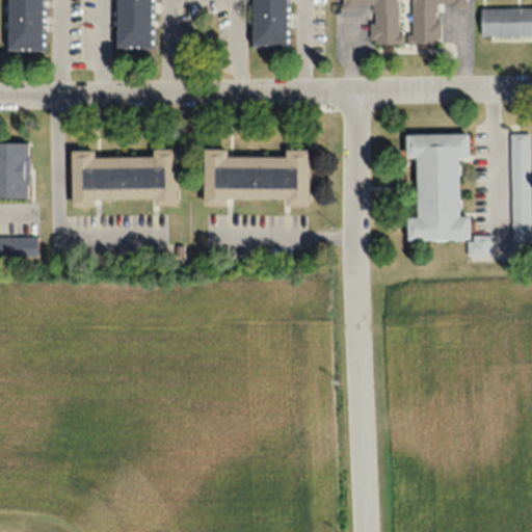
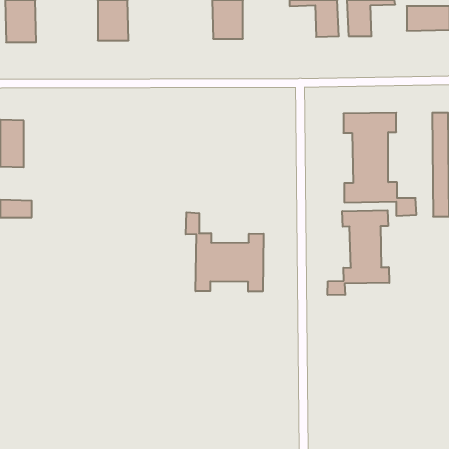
building: [204,149,310,206] -> none
building: [72,150,178,205] -> none
building: none -> [328,210,389,295]
building: none -> [186,212,264,292]

